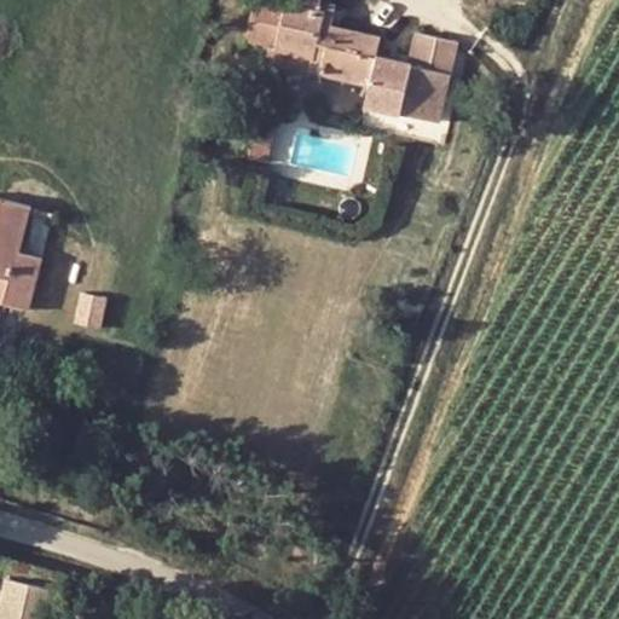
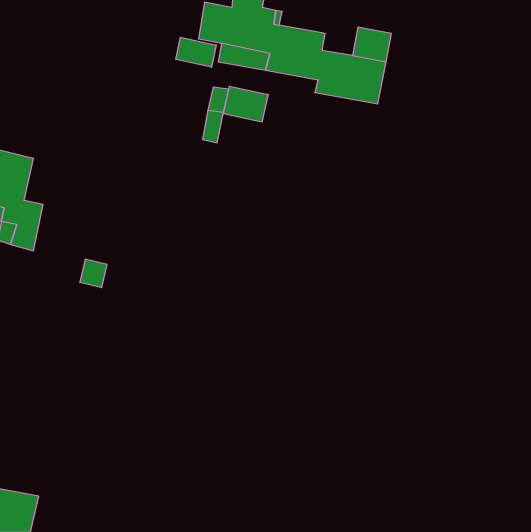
building: none -> [176,37,216,67]
building: none -> [223,86,268,122]

